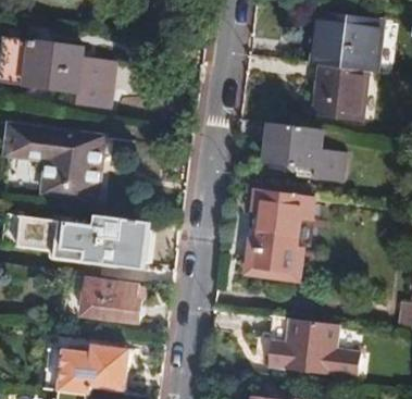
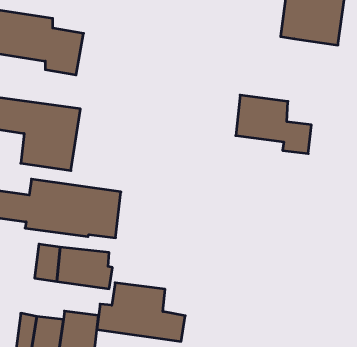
building: [322,65,372,120] -> none
building: [242,188,317,275] -> none
building: [254,315,345,375] -> [97,283,185,341]

